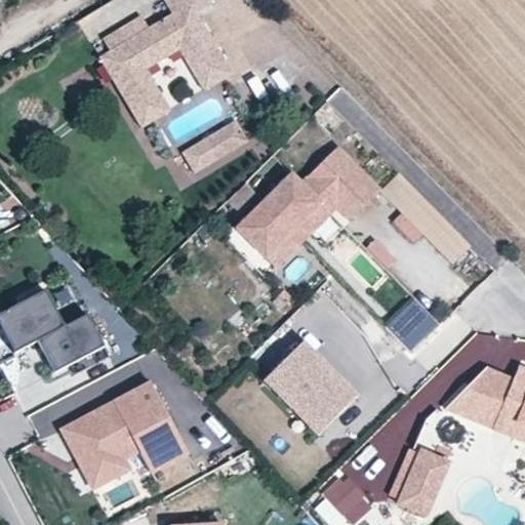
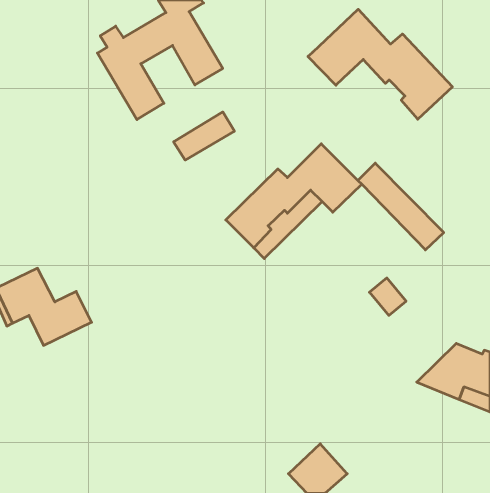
building: none -> [308,9,452,119]
building: [261,337,350,427] -> none
building: [57,382,184,489] -> none
building: [393,445,445,512] -> none

